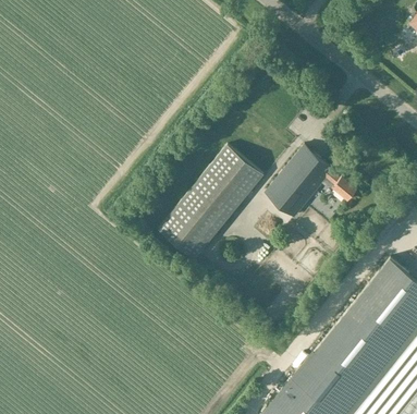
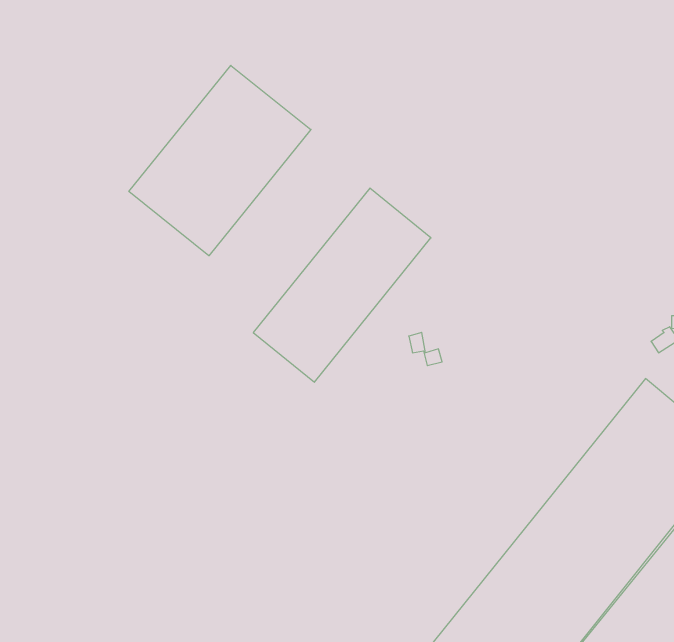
building: none -> [129,65,311,256]
building: [266,144,357,216] -> none

